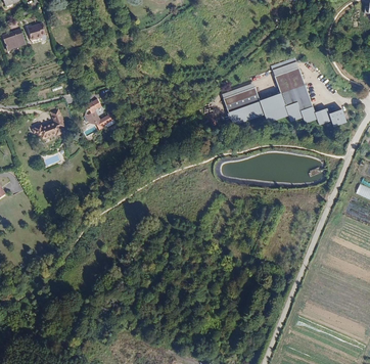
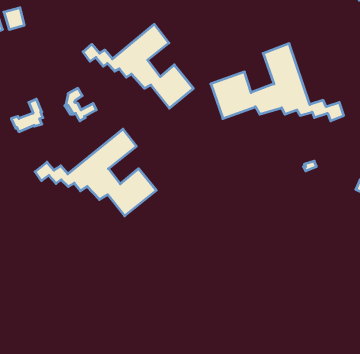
building: none -> [83,24,193,108]
building: none -> [35,129,156,216]

